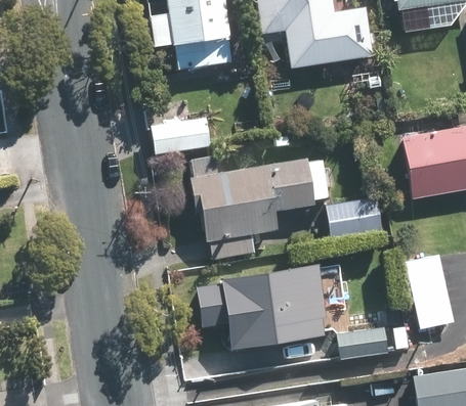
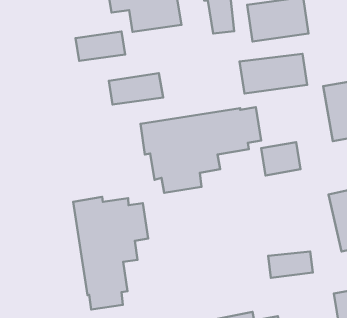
building: none -> [76,31,125,61]
building: none -> [239,54,307,94]
building: none -> [73,197,148,310]
building: [195,264,352,352] -> none

